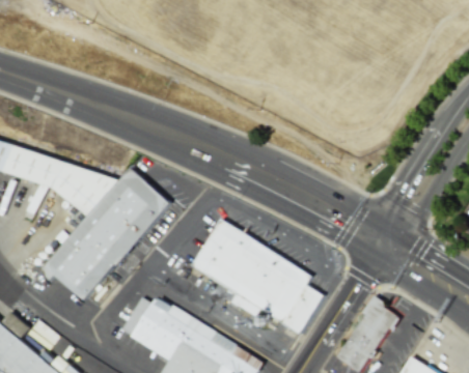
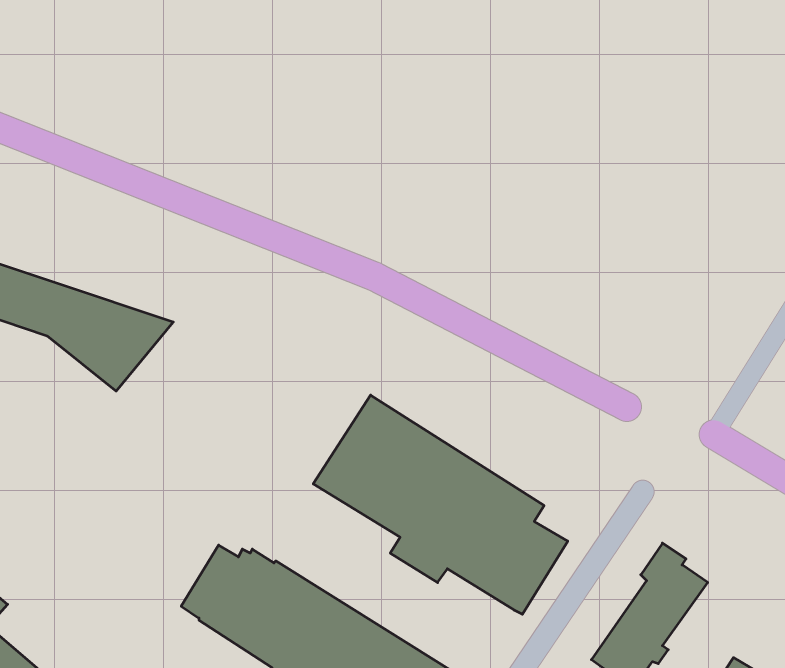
building: [40,168,169,300] -> none

